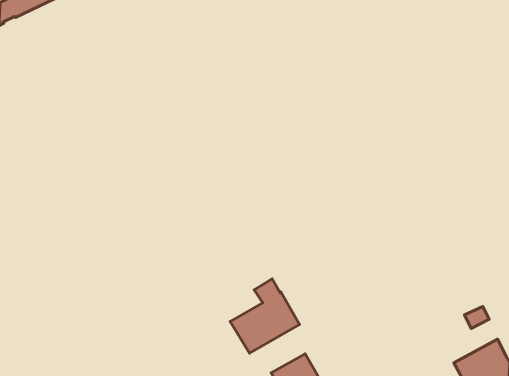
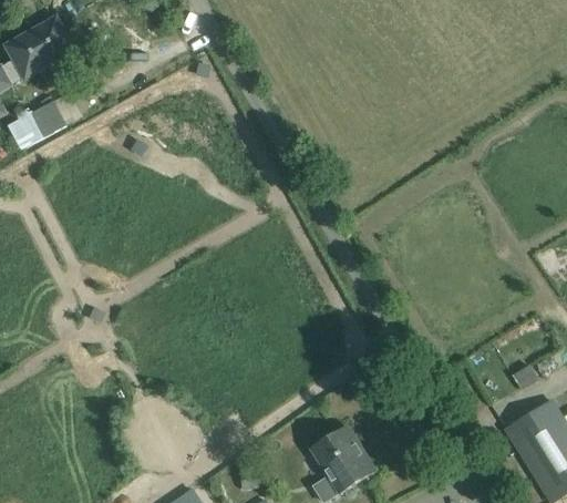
building: none -> [8,100,68,150]
building: [230,279,299,353] -> none

